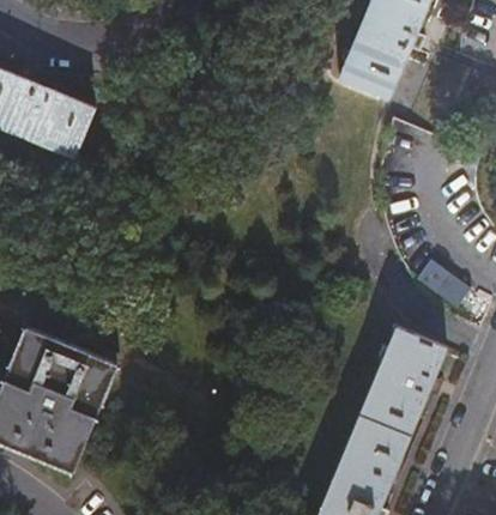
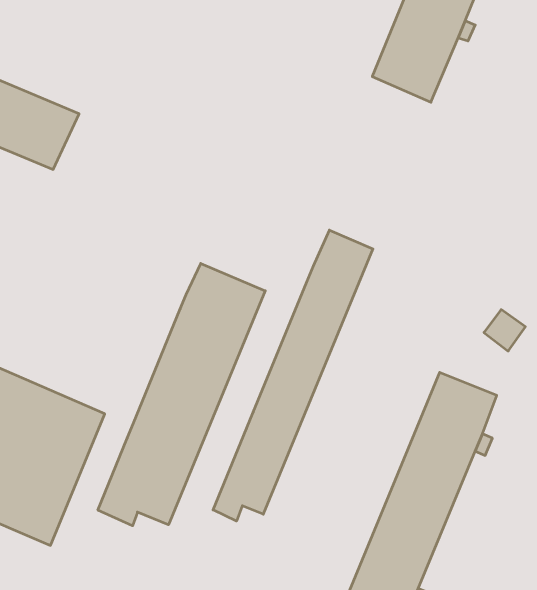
building: none -> [213,230,373,521]
building: none -> [98,263,265,526]

